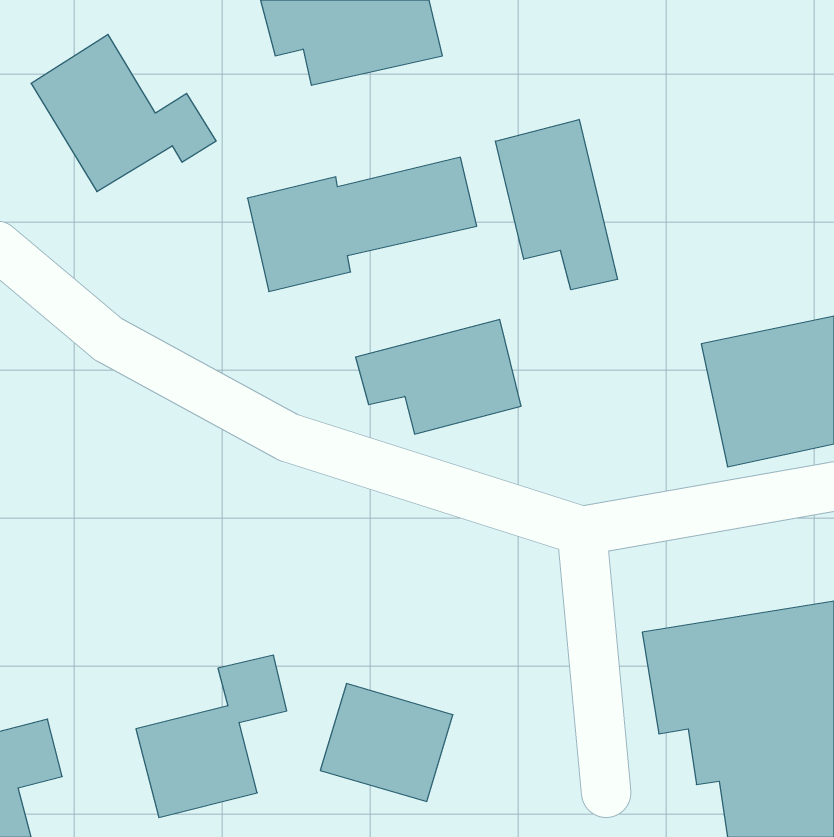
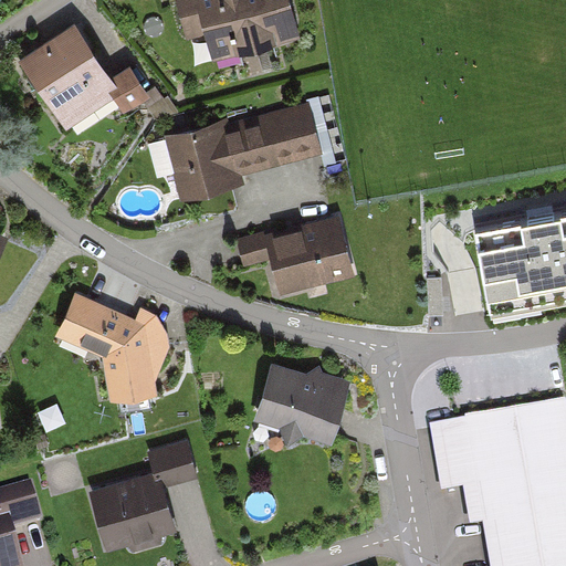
building: [495,119,617,290] -> none
building: none -> [59,296,168,401]
building: [320,684,453,801] -> [258,360,347,440]

